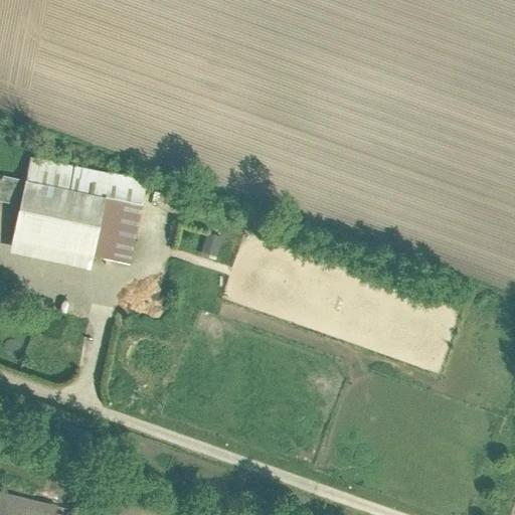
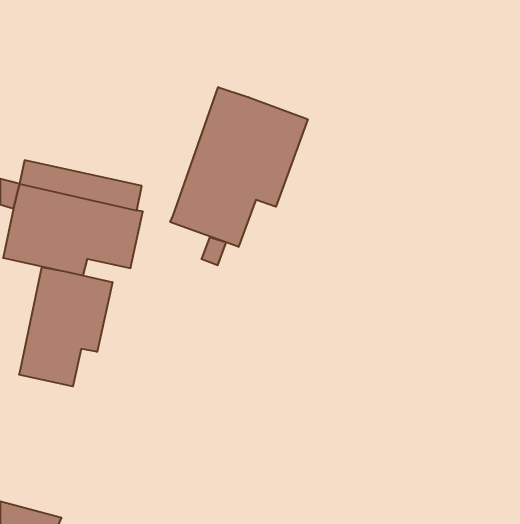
building: none -> [170,87,308,247]
building: none -> [19,267,112,386]

